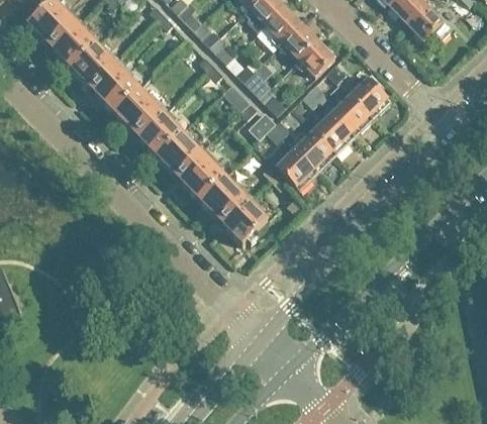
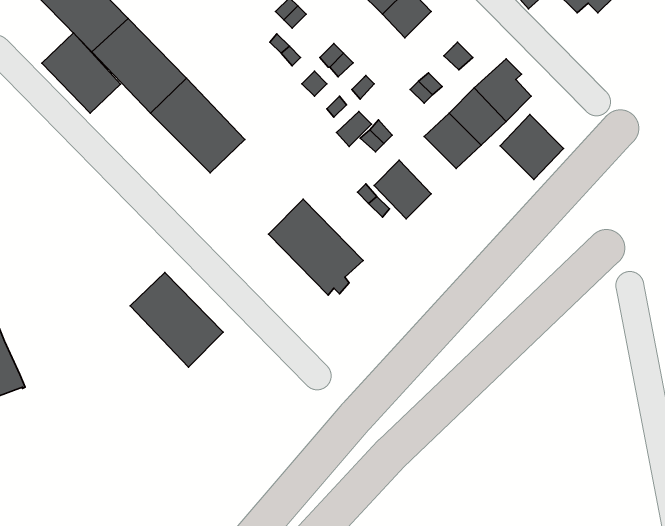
building: [297,36,333,73] -> none
building: none -> [42,33,120,113]
building: none -> [500,115,563,179]
building: [293,127,334,169] -> none
building: [156,129,223,198] -> [130,272,223,367]

